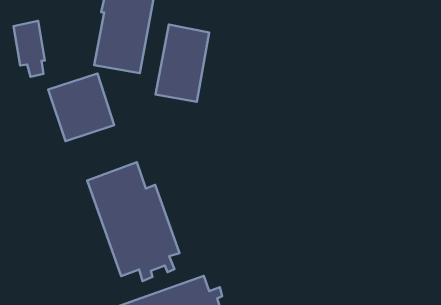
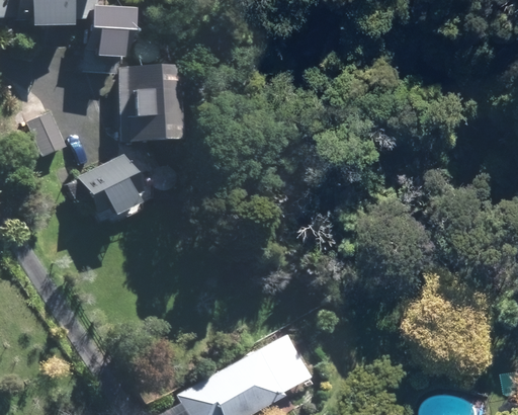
building: [156,25,209,102] -> none
building: [87,162,179,281] -> none

